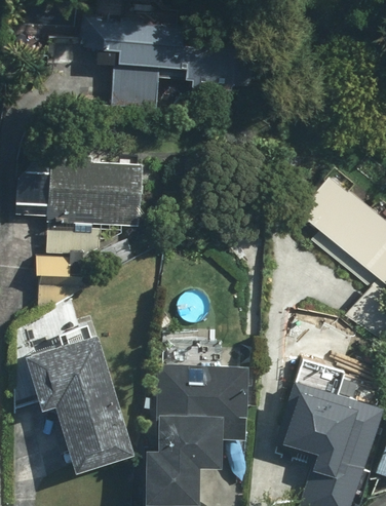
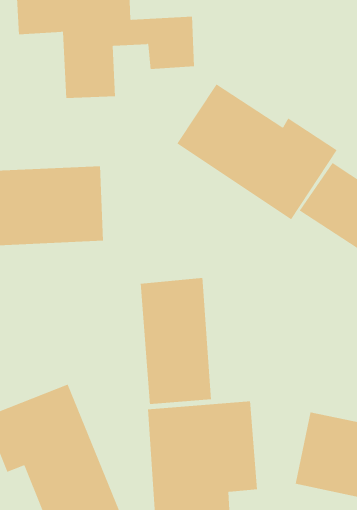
building: none -> [176,83,338,220]
building: none -> [140,277,212,405]

